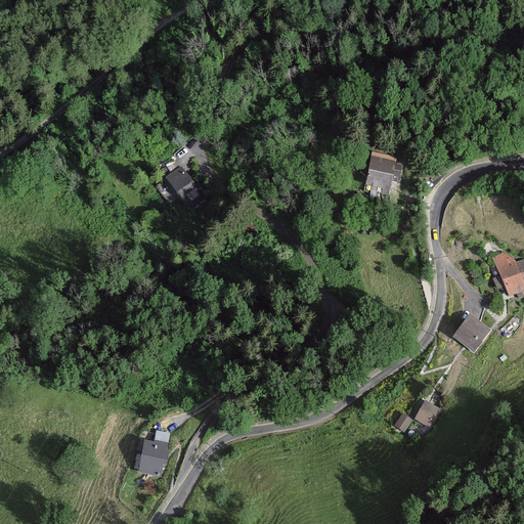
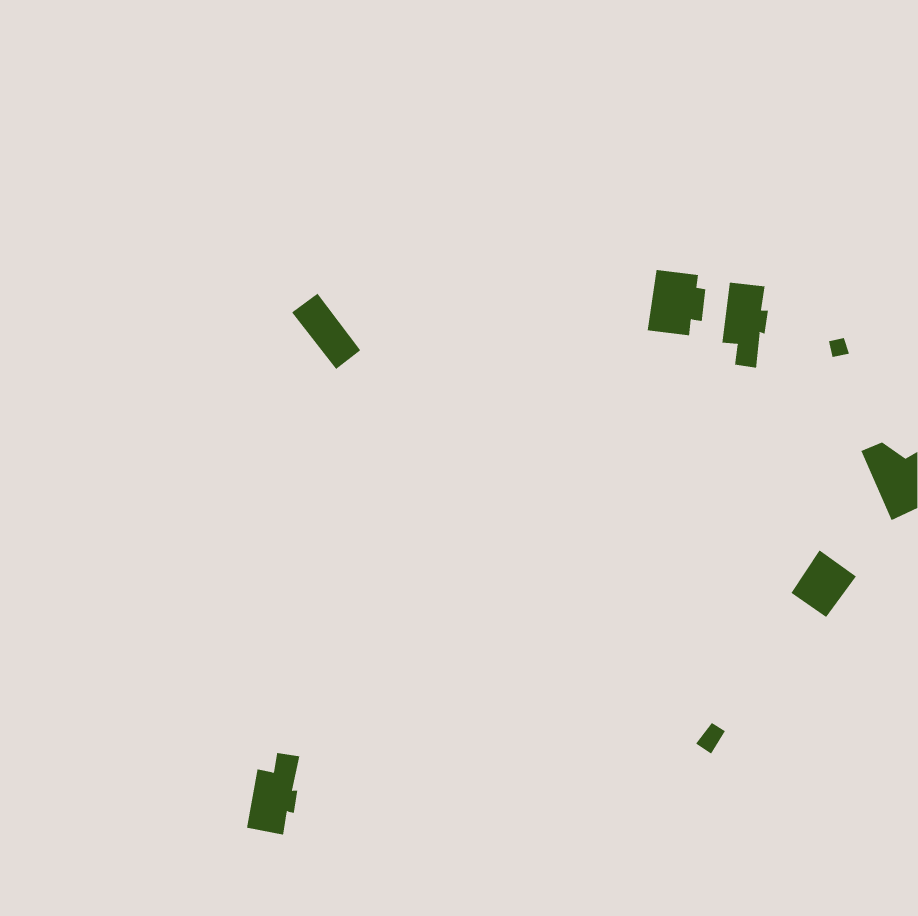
building: none -> [722,282,769,369]
building: [411,397,439,424] -> none

